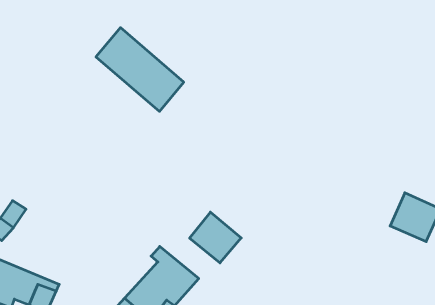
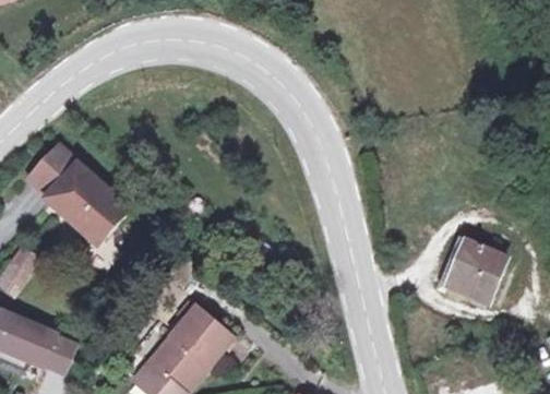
building: [96,28,184,111] -> [31,145,129,239]
building: [190,212,241,263] -> none

